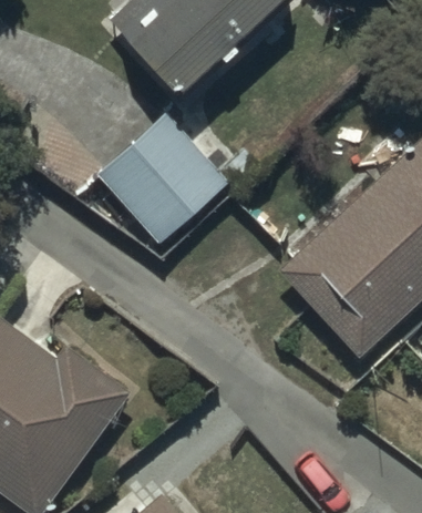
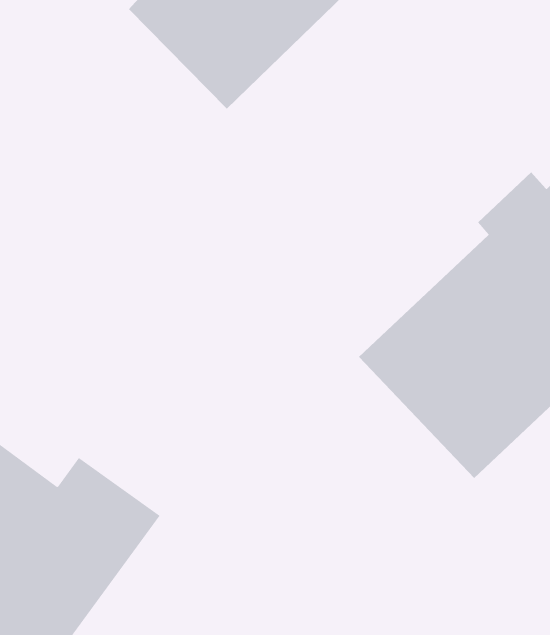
building: [95,113,227,245] -> none

